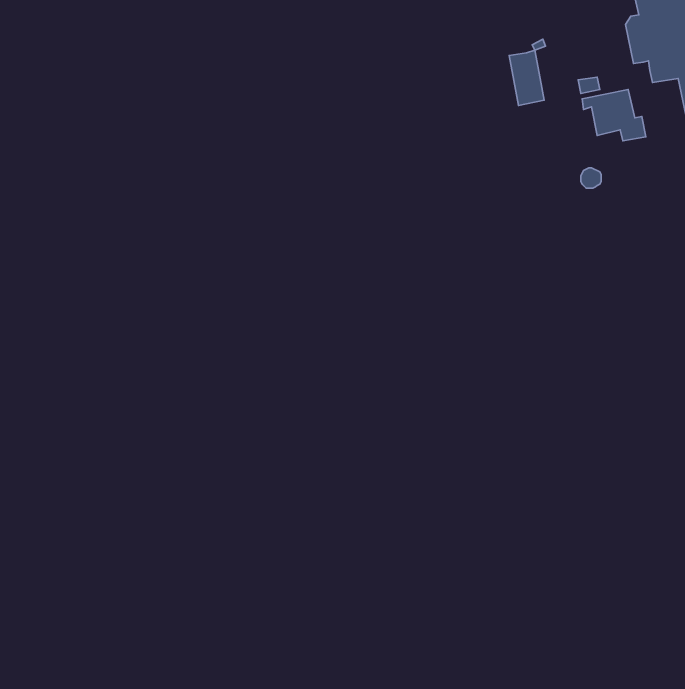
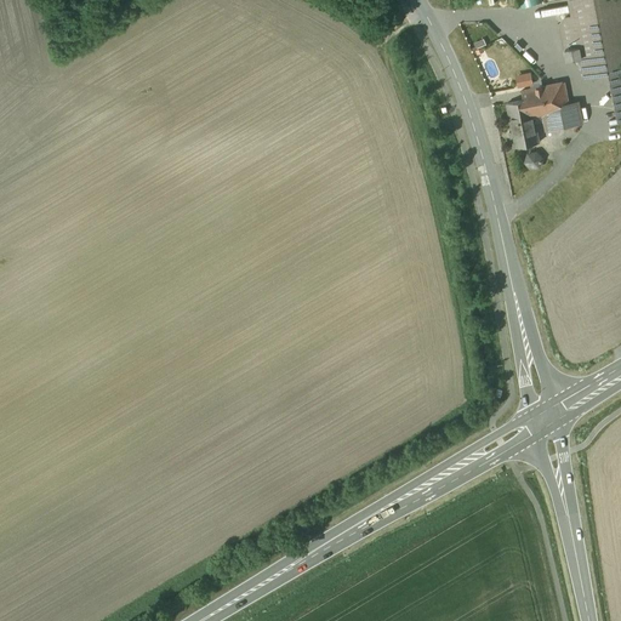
building: [509,50,544,106] -> [513,96,545,146]

